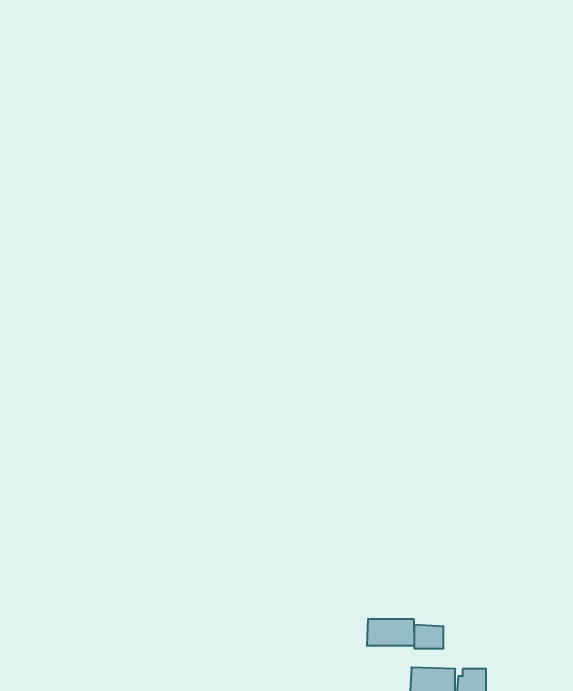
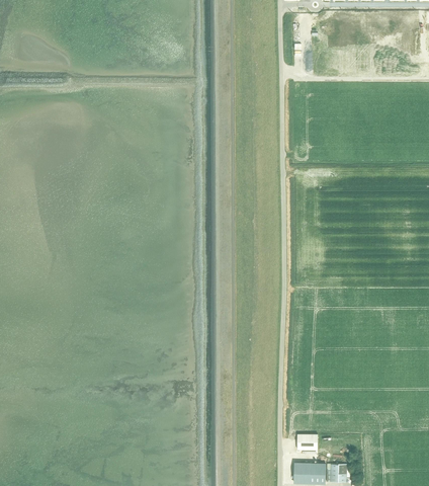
building: [367,619,414,646] -> none

